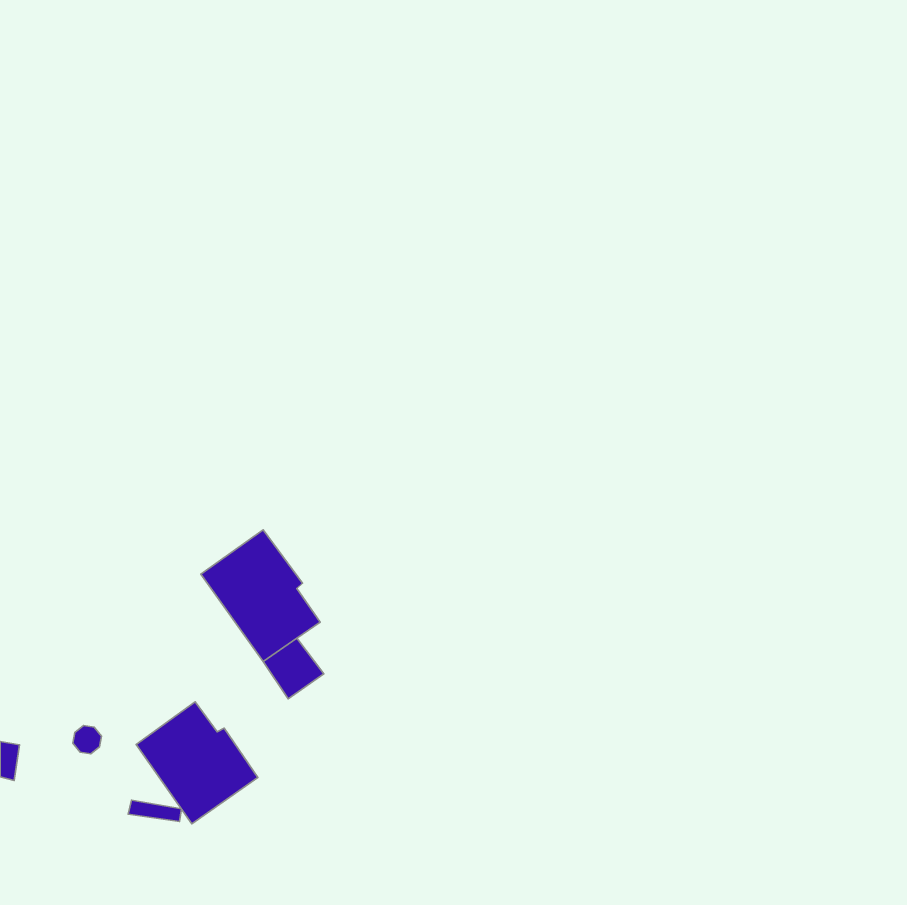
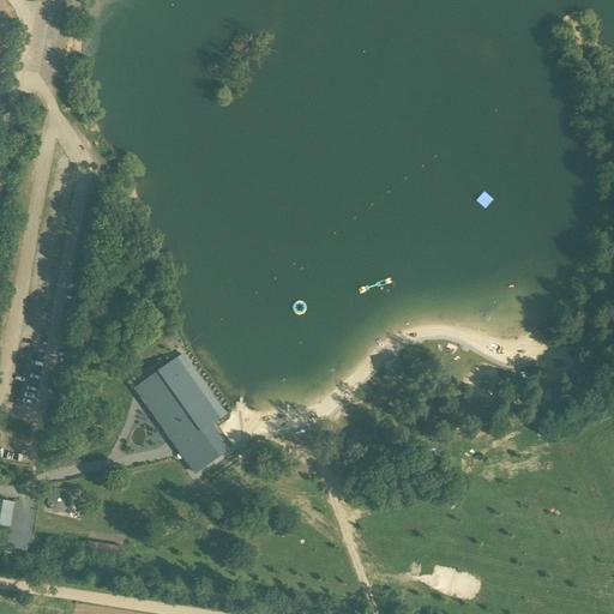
building: [136,702,258,824] -> none

